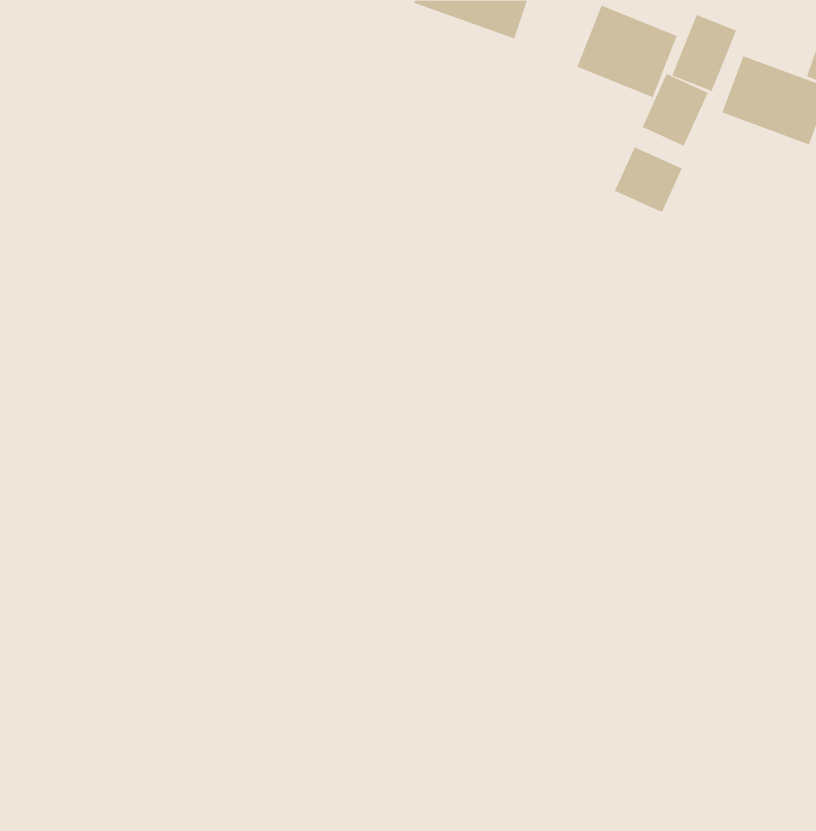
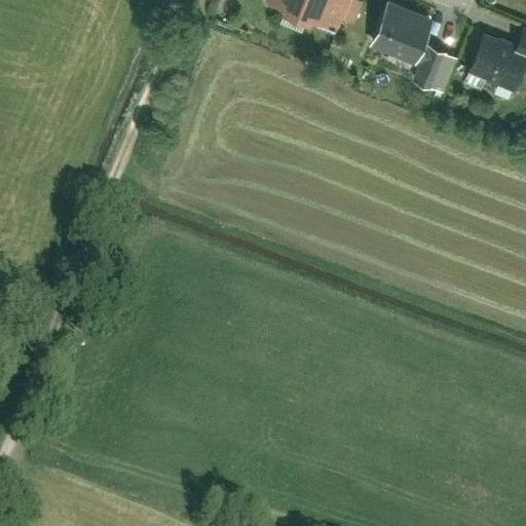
building: [672,14,737,92] -> none
building: [614,146,683,213] -> none

